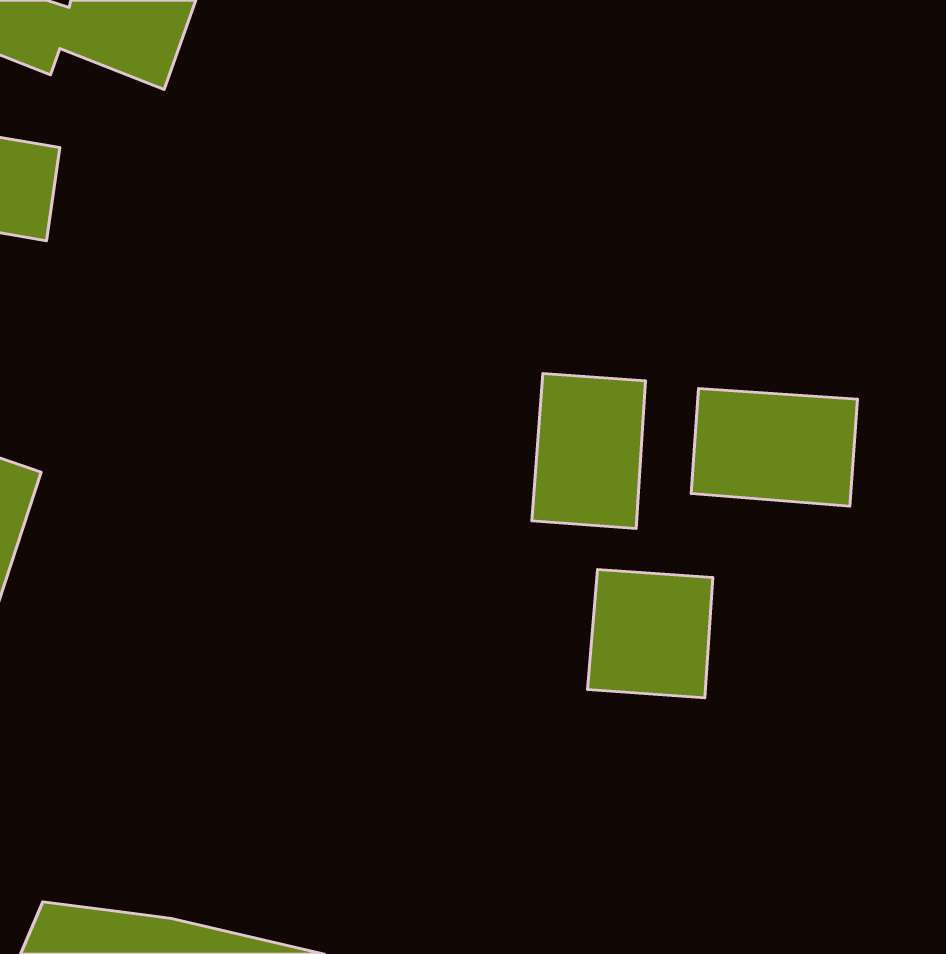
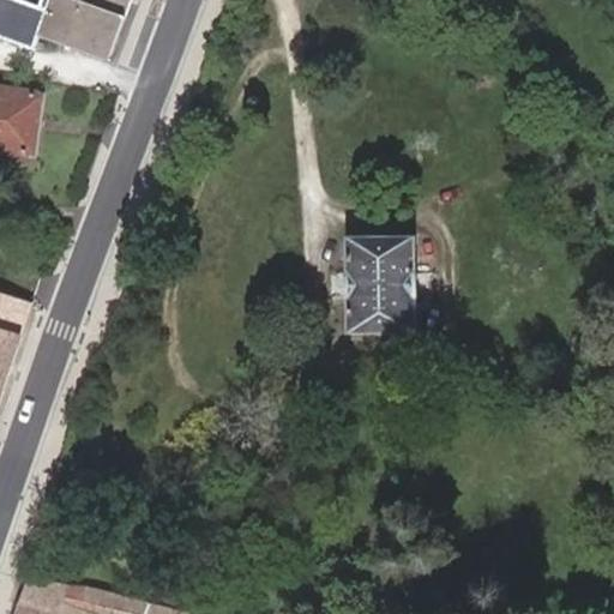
building: [691,388,858,506] -> none
building: [588,570,713,698] -> none

